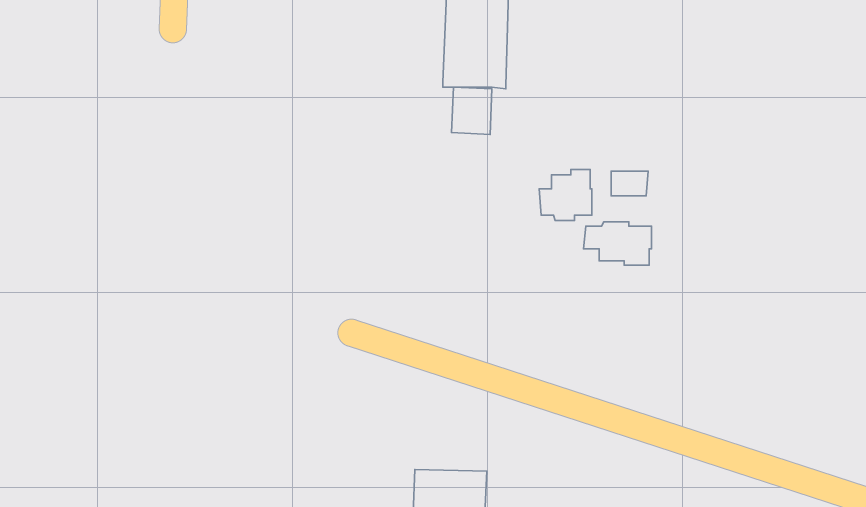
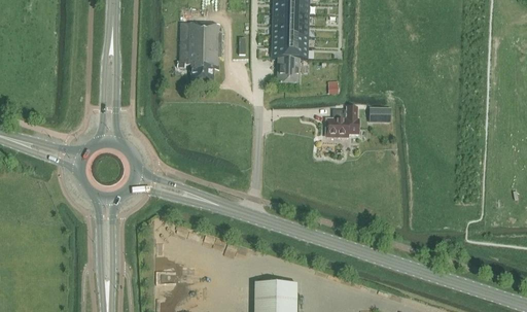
building: none -> [177,21,222,79]
building: [583,222,651,265] -> none

